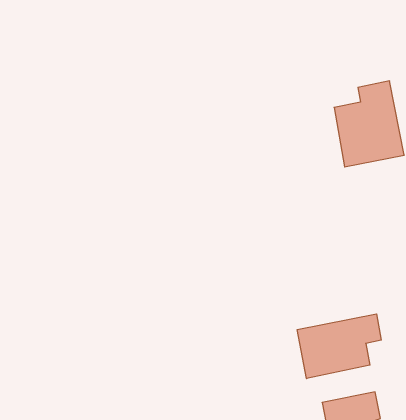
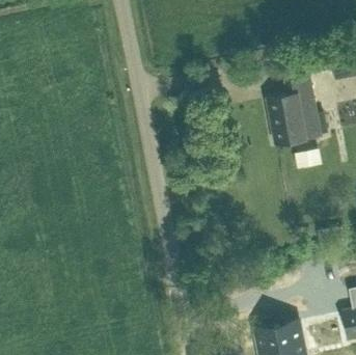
building: [297,314,381,379] -> none

